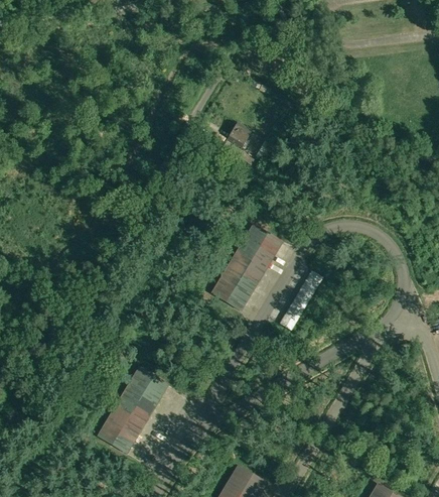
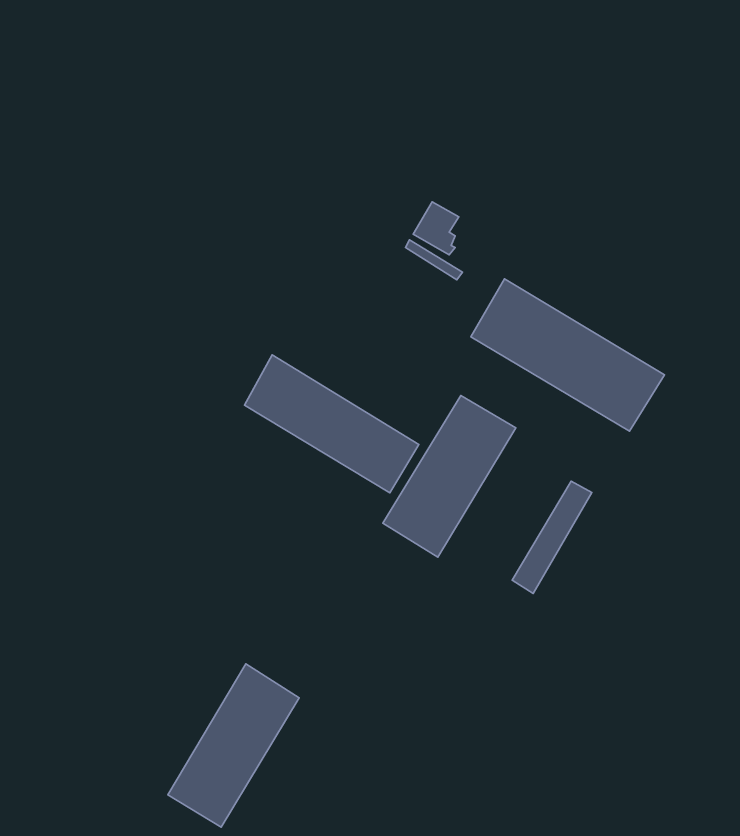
building: none -> [471,279,664,431]
building: none -> [244,355,419,493]

